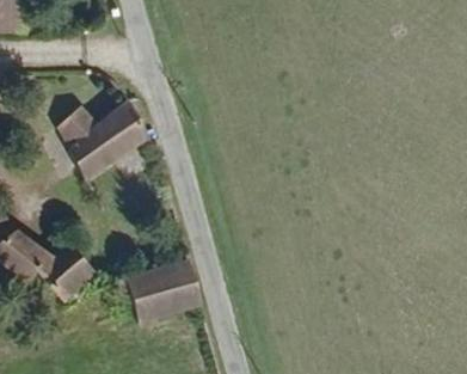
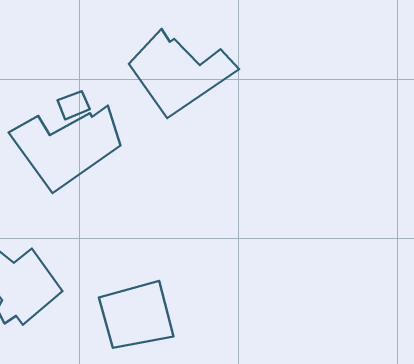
building: none -> [129,29,239,118]

